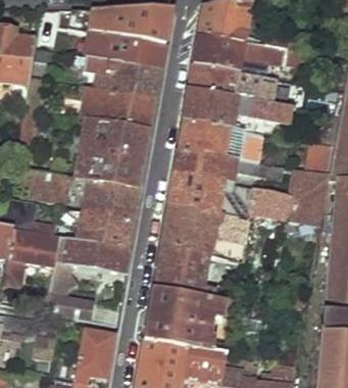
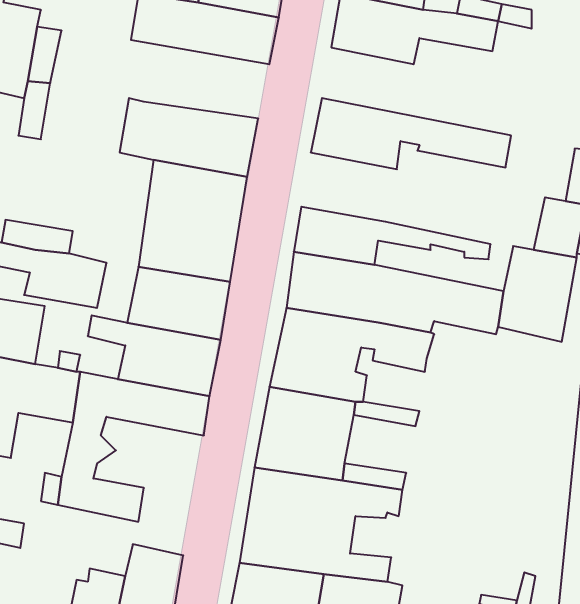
building: [74,57,160,101] -> none
building: [189,62,299,111] -> none
building: [178,119,263,157] -> none

